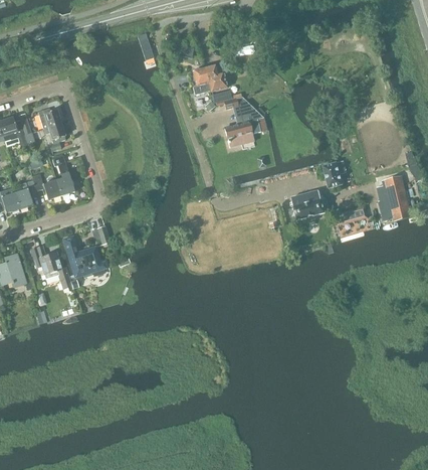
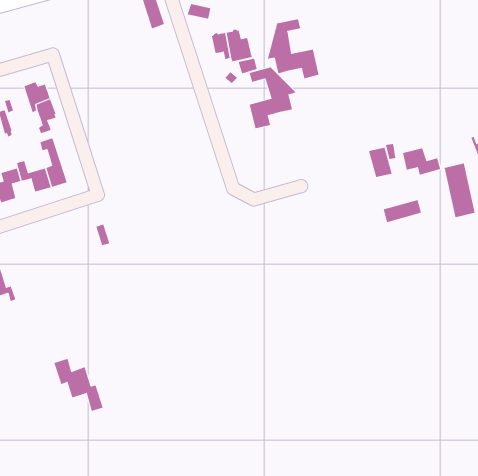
building: none -> [267,18,319,79]
building: none -> [402,147,441,175]
building: [291,189,325,219] -> none
building: [62,236,105,278] -> none
building: [30,245,71,289] -> [53,358,103,412]

